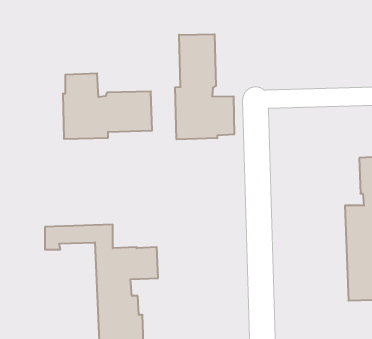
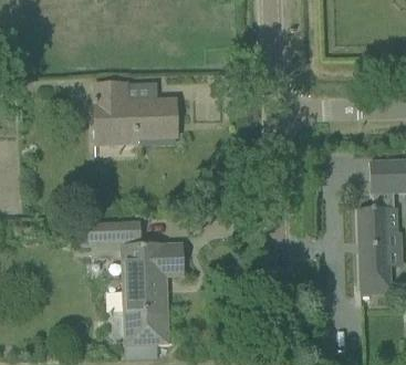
building: [175,34,234,139] -> none

